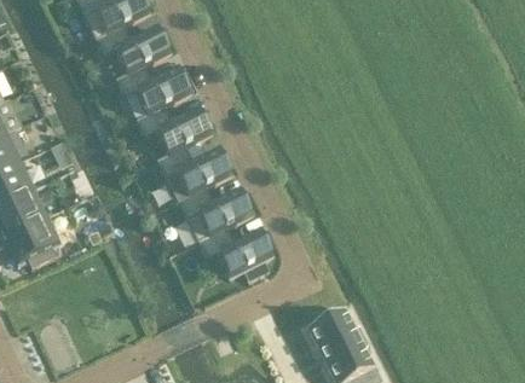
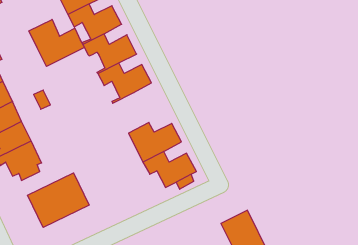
building: none -> [29,19,84,66]
building: [157,145,231,201] -> none
building: none -> [28,173,89,227]

